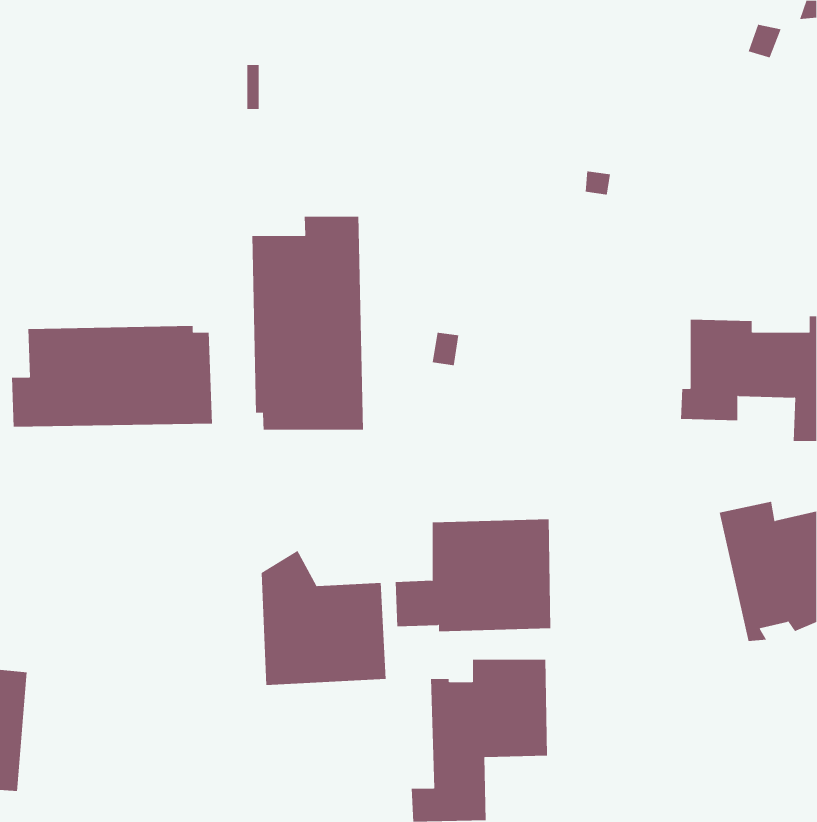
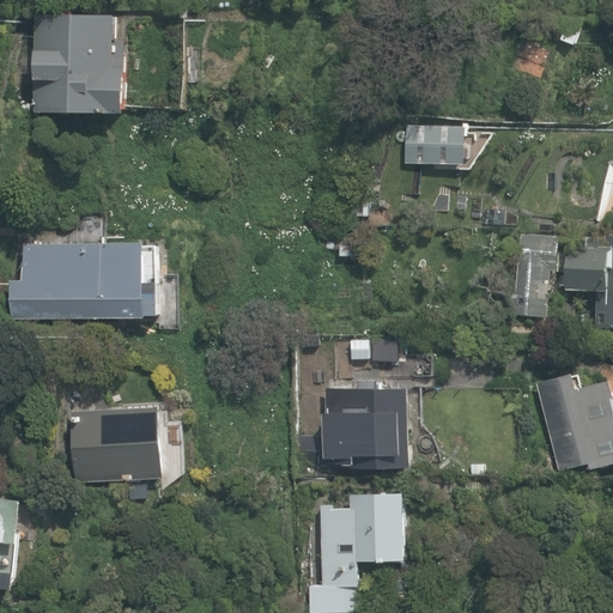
building: none -> [34,16,126,115]
building: [252,216,364,431] -> none
building: [261,550,386,686] -> [68,383,162,484]

